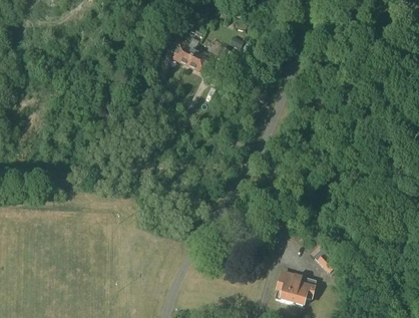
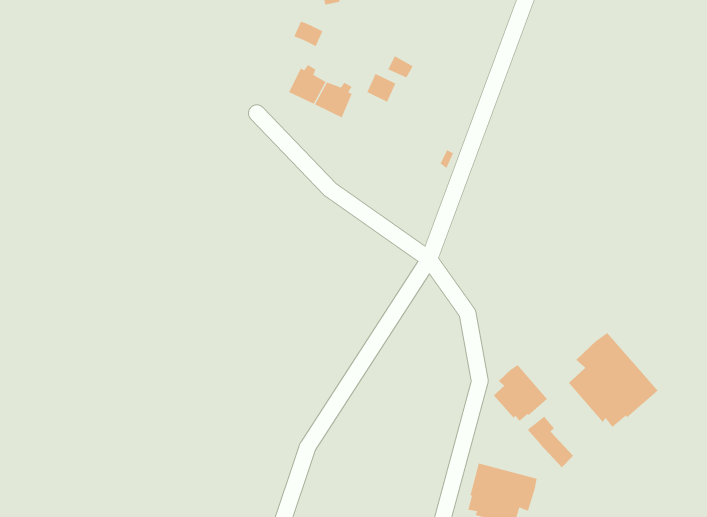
building: none -> [568,332,659,428]
building: none -> [493,364,548,422]

